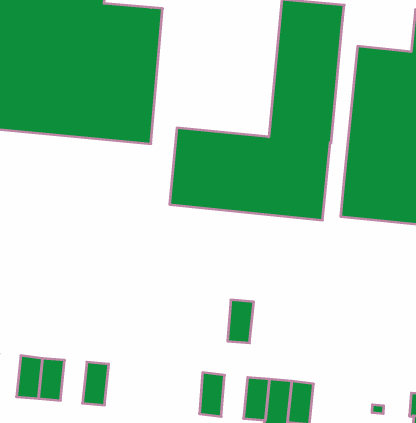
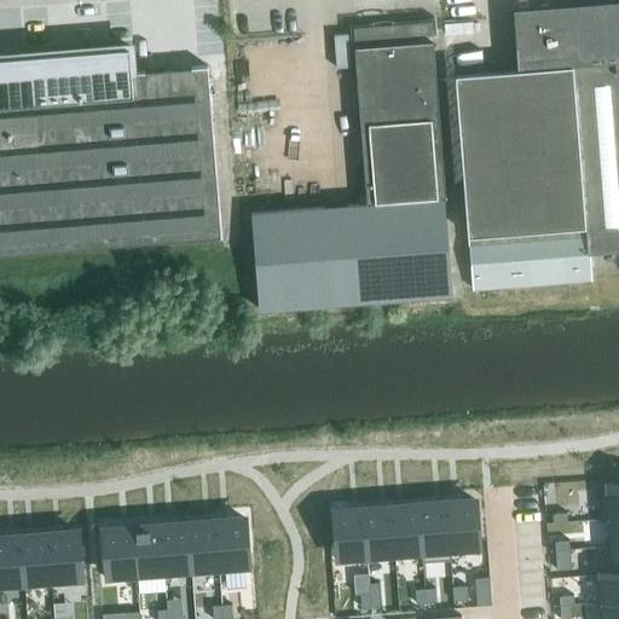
building: [228,300,254,343] -> [363,508,395,562]
building: none -> [161,523,192,577]
building: none -> [216,519,249,573]

